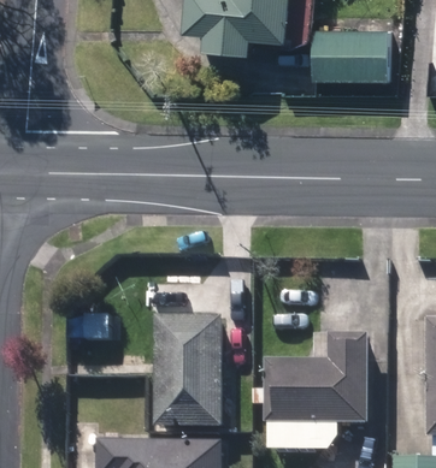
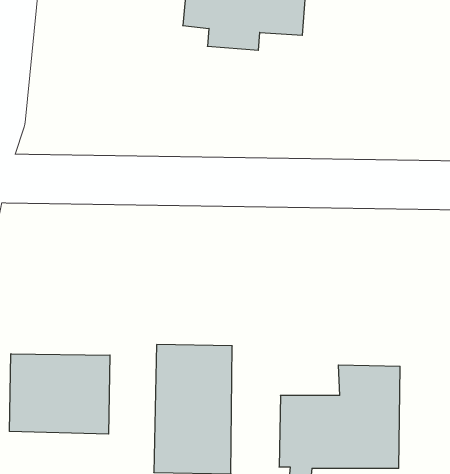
building: [311,29,387,82] -> none
building: none -> [9,354,110,434]

